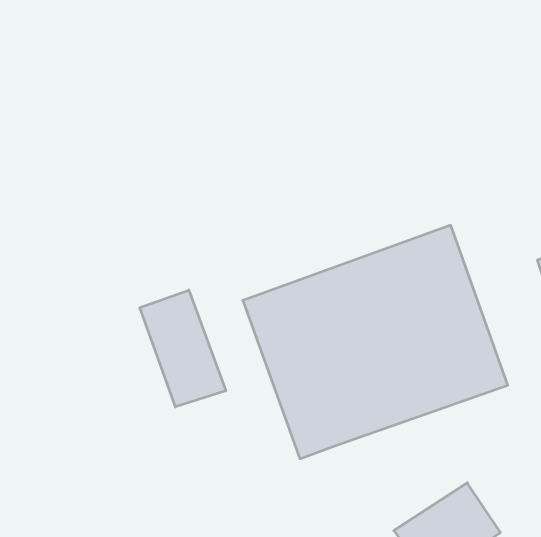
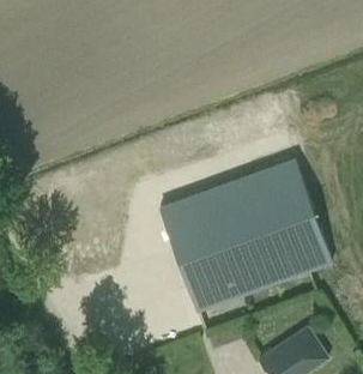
building: [140,290,226,407] -> none

